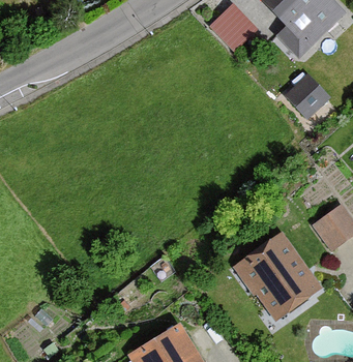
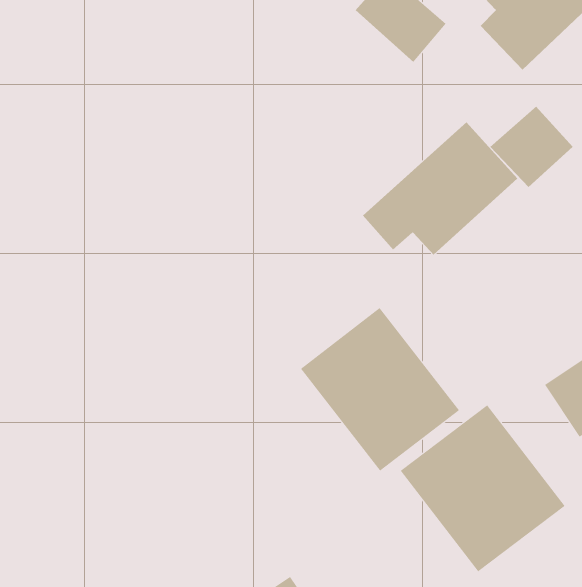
building: none -> [362,121,518,255]
building: none -> [300,307,460,471]

